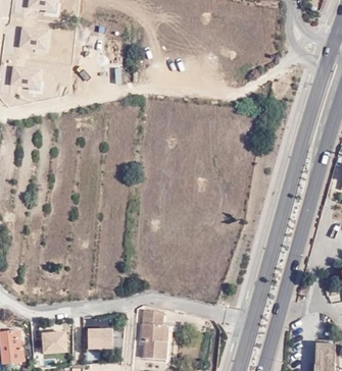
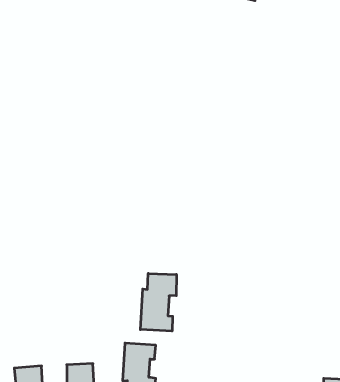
building: none -> [140,273,176,331]

